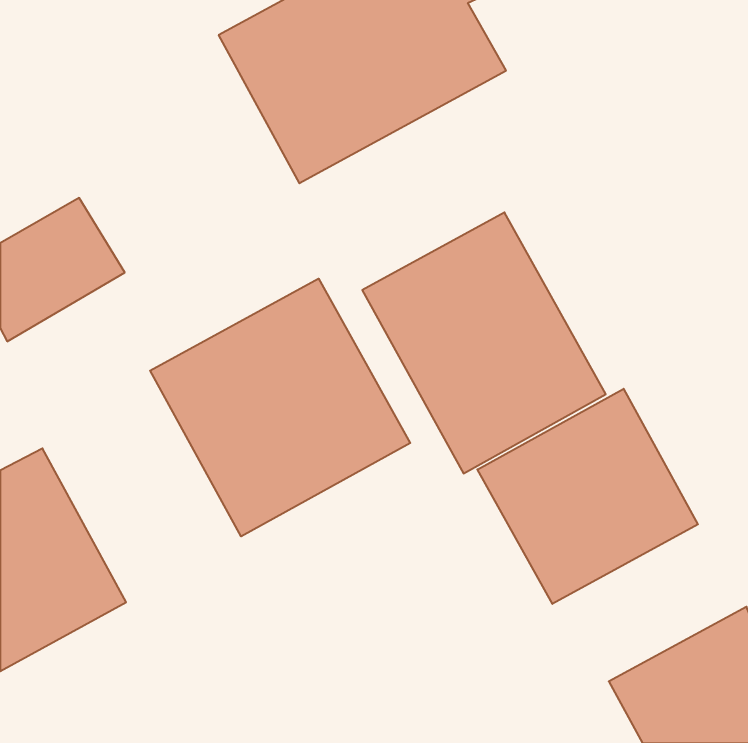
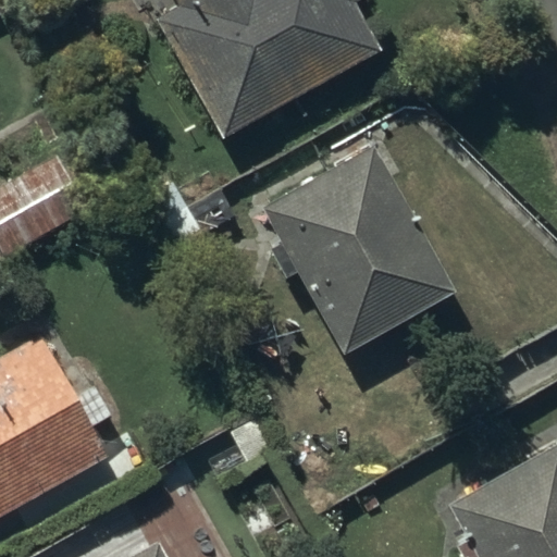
building: [150,279,410,536] -> none
building: [477,389,698,604] -> none

